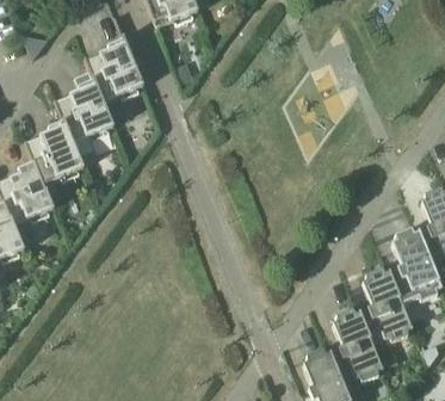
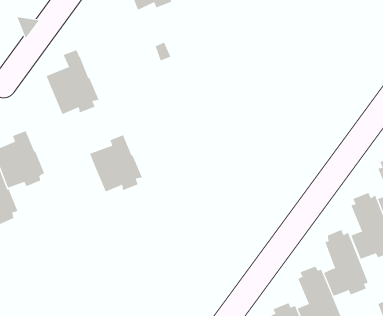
building: [85,37,143,101] -> none
building: [25,119,85,183] -> [89,135,143,192]

